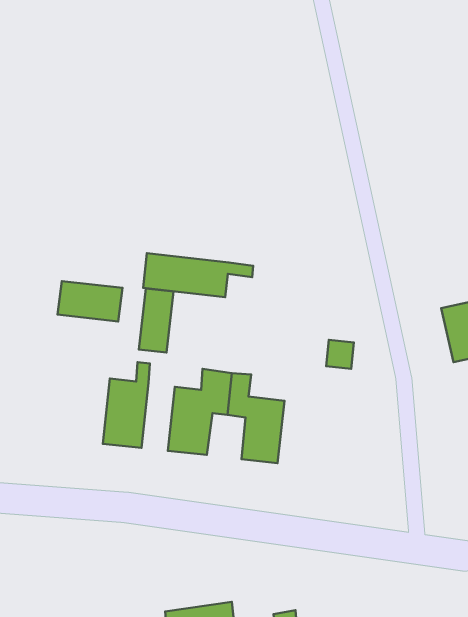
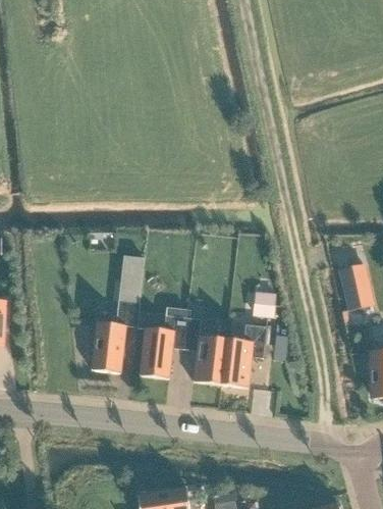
building: [143,253,253,297] -> none
building: [58,281,123,321] -> none
building: none -> [220,323,266,387]

